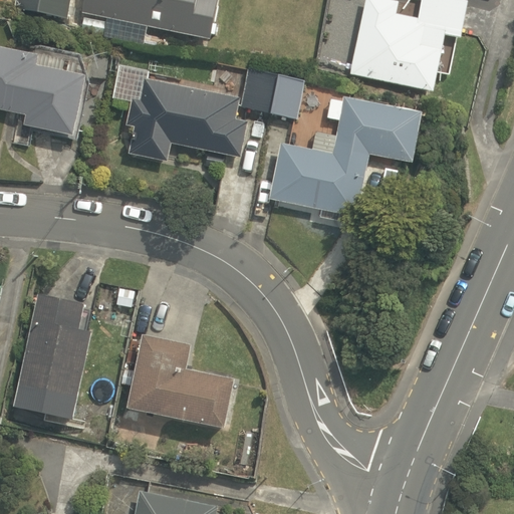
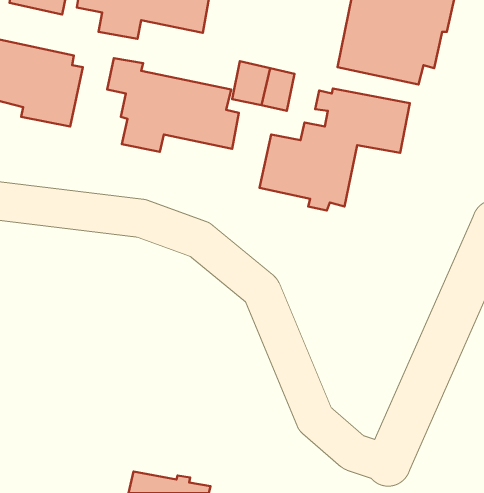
building: [17,292,92,417] -> none
building: [126,333,234,427] -> none

